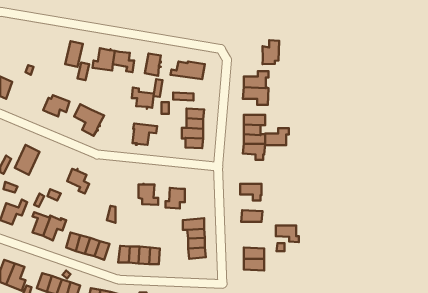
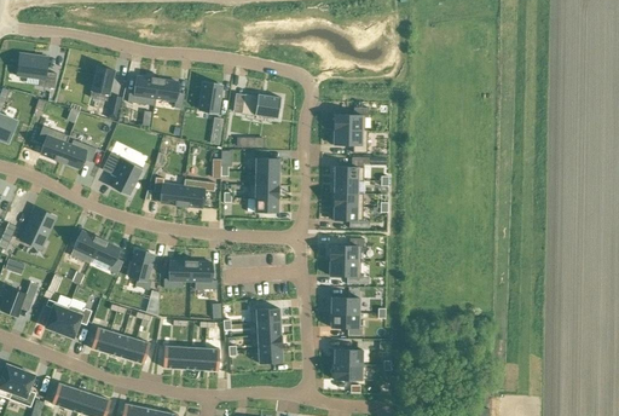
building: none -> [16,53,56,87]
building: [263,40,279,64] -> none
building: none -> [37,126,66,160]
building: [132,87,154,109] -> [154,177,184,206]
building: [265,128,289,145] -> [329,237,361,260]
building: none -> [70,230,99,262]
building: none -> [128,249,154,289]
building: [166,188,185,208] -> [163,260,190,288]
building: [276,225,299,242] -> [330,312,361,335]

